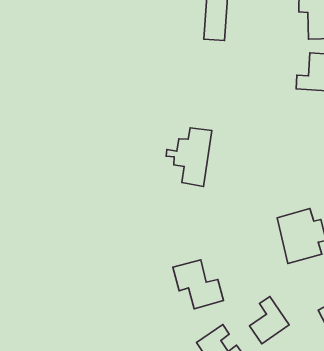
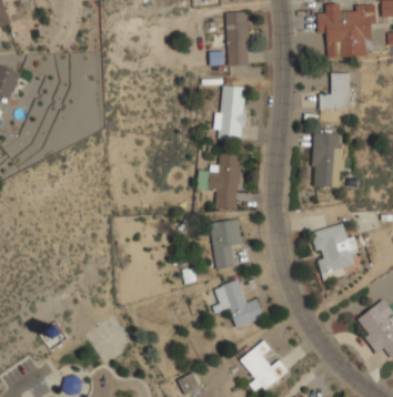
building: none -> [216,85,248,141]
building: none -> [311,131,343,187]
building: none -> [210,220,242,269]
building: [249,296,289,344] -> none

